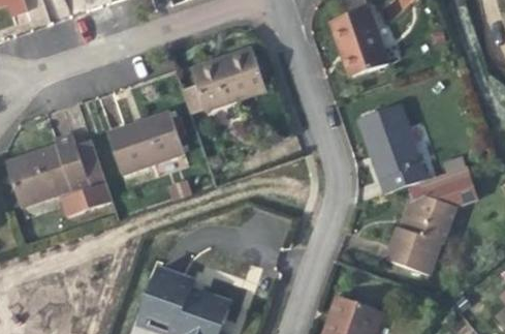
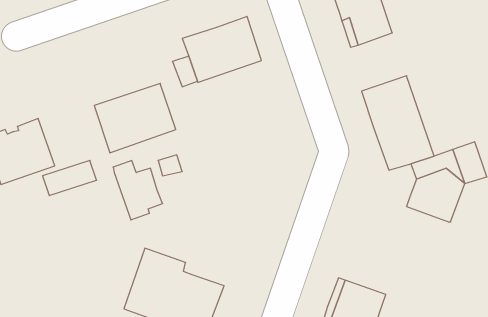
building: [55,133,101,189] -> [113,161,163,220]
building: [387,226,441,274] -> none

